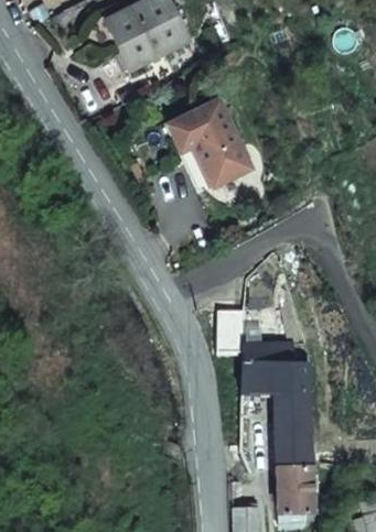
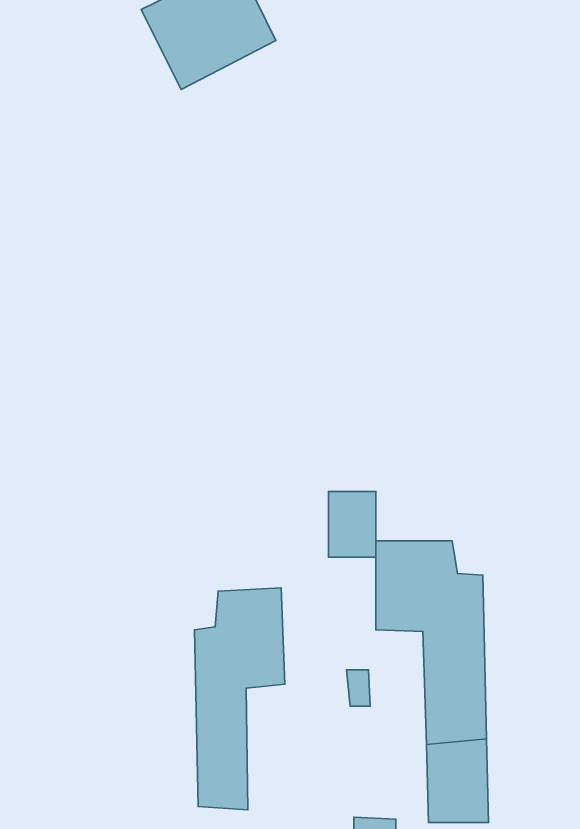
building: [168,98,253,189] -> none
building: none -> [194,588,285,810]

